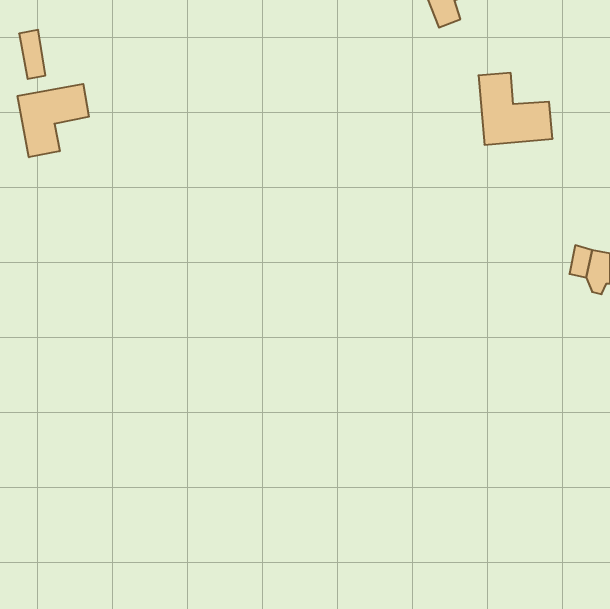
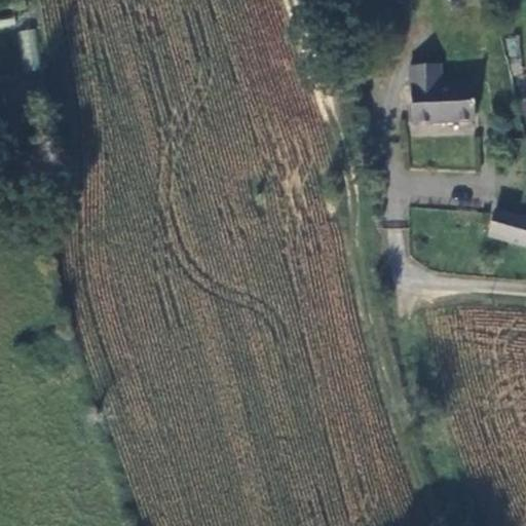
building: [18,84,89,157] -> none

